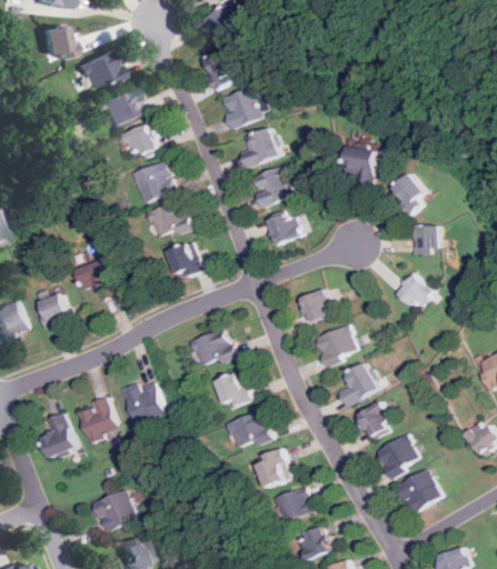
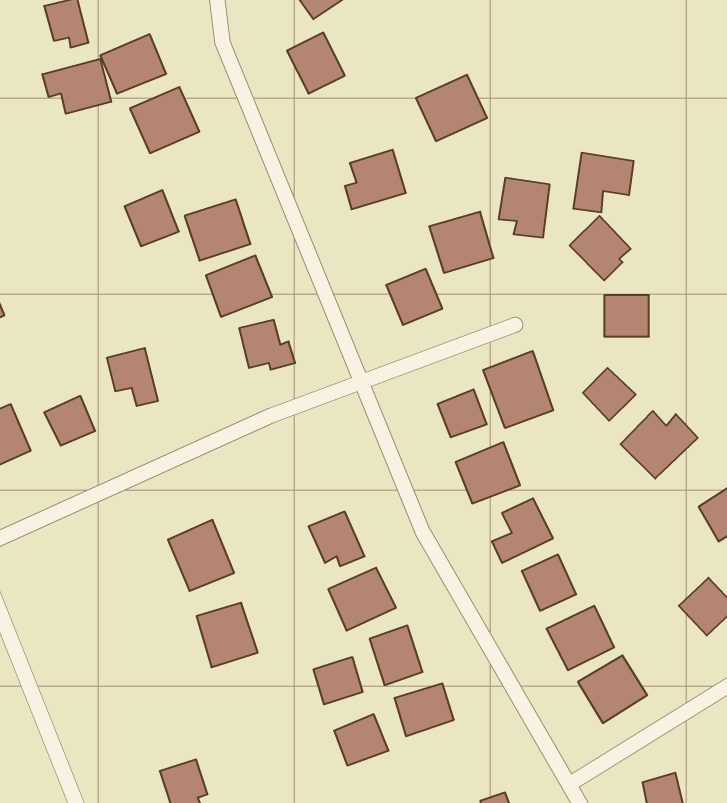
building: none -> [42,59,111,114]
building: [218,84,266,129] -> [416,75,487,141]
building: [121,123,158,161] -> [124,190,179,246]
building: none -> [573,153,634,212]
building: [248,166,291,207] -> [429,212,494,273]
building: none -> [483,351,553,428]
building: none -> [621,411,698,479]
building: [189,327,236,369] -> none
building: [76,400,117,443] -> [197,603,258,667]
building: [41,412,74,457] -> none
building: none -> [314,657,363,704]
building: [91,489,135,531] -> none
building: [295,526,331,560] -> [334,714,389,765]

